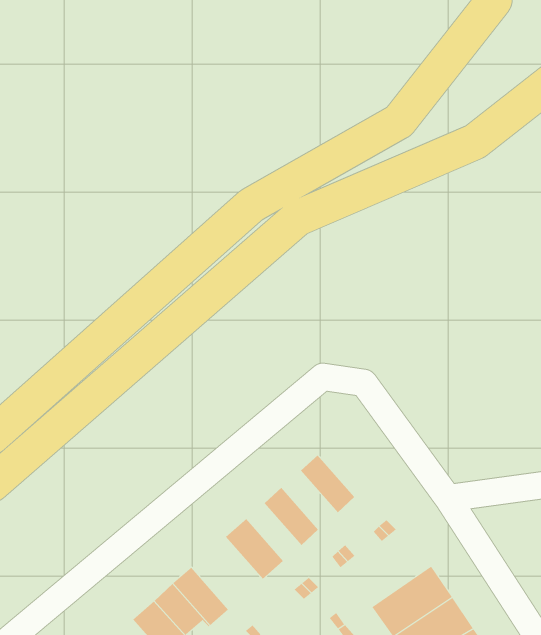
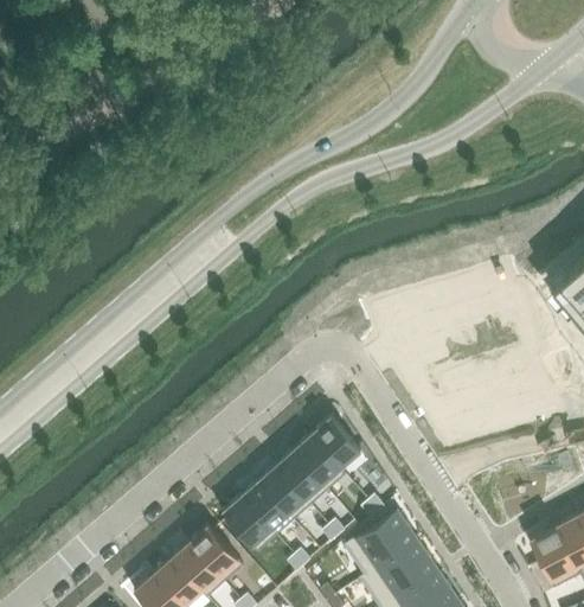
building: none -> [310,415,361,473]
building: none -> [276,448,329,504]
building: none -> [243,479,295,533]
building: none -> [346,509,418,577]
building: none -> [191,524,244,580]

